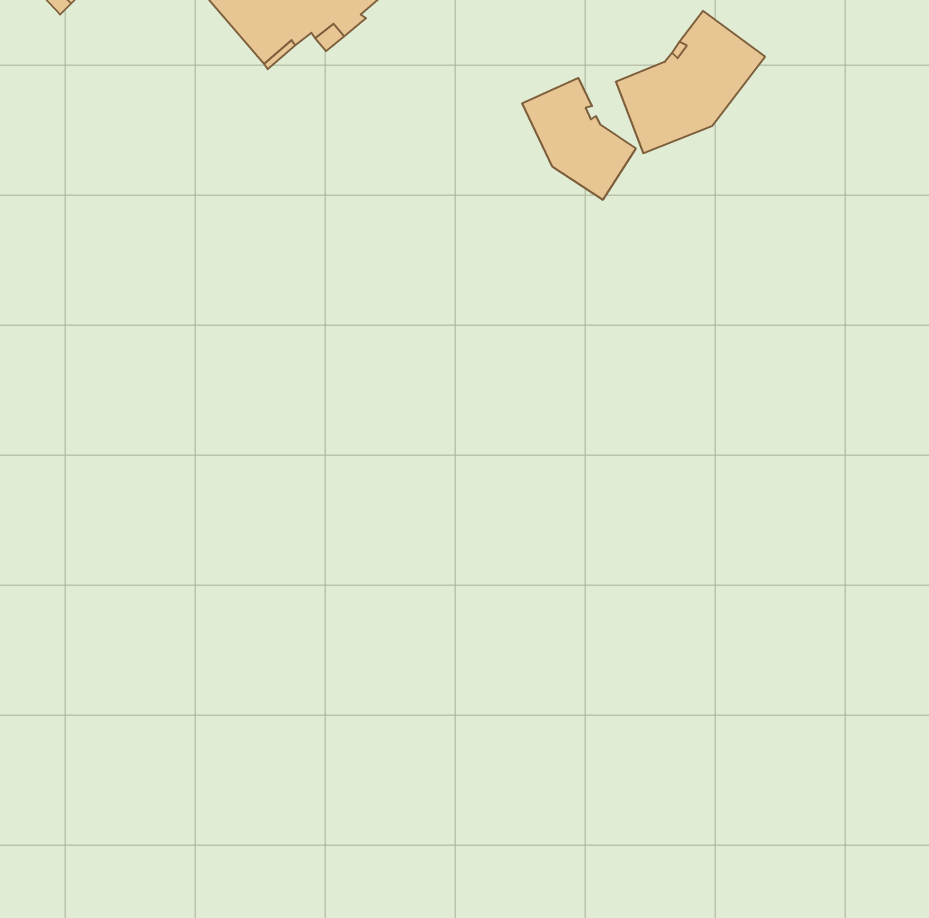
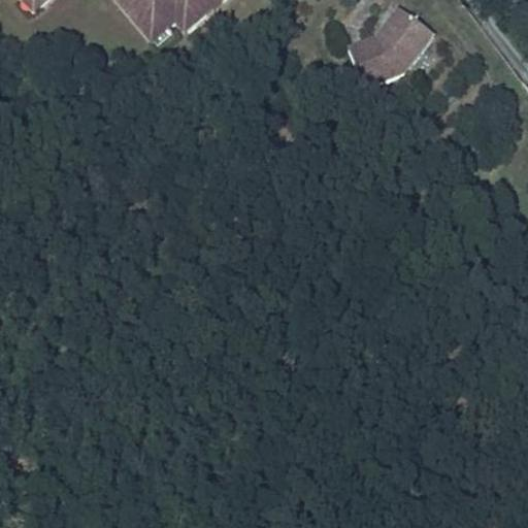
building: [522,78,636,200] -> none

